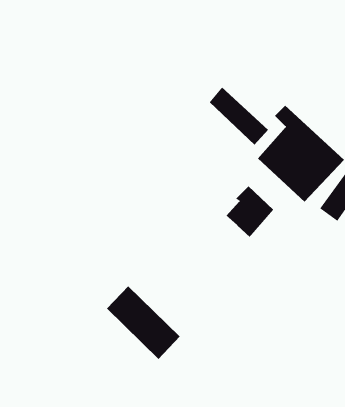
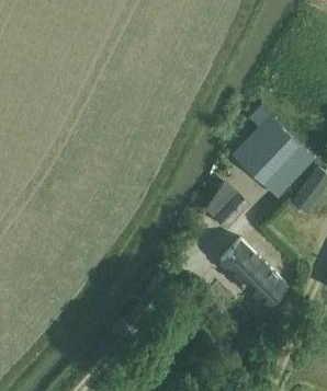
building: [209,86,269,145] -> none
building: [106,285,181,360] -> [221,240,287,307]

